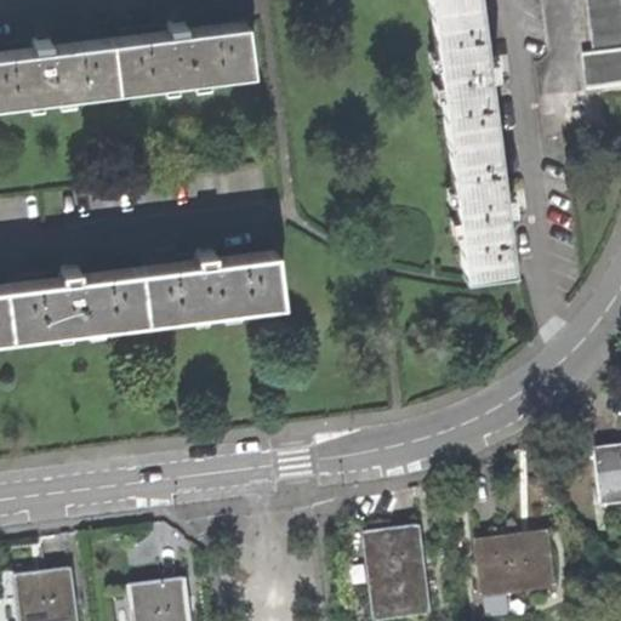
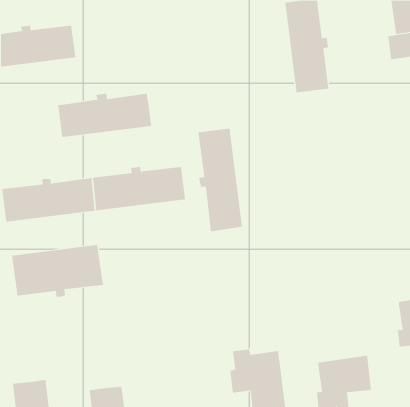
building: [113,28,255,95] -> [58,93,152,138]
building: [449,142,517,284] -> none
building: none -> [198,128,242,232]
building: none -> [12,244,104,298]

